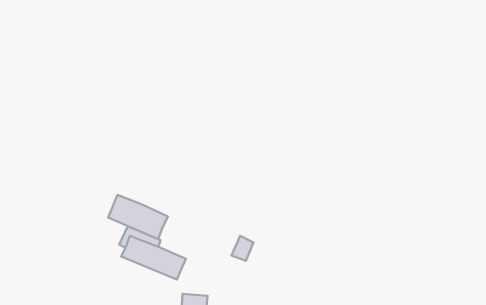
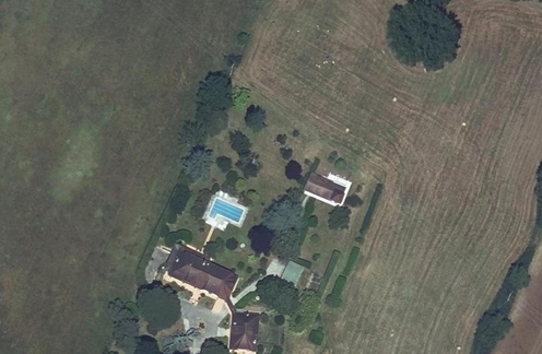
building: none -> [305,169,346,200]
building: [108,195,168,239] -> none

